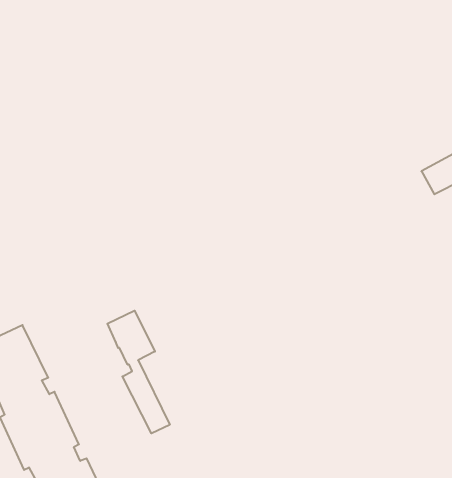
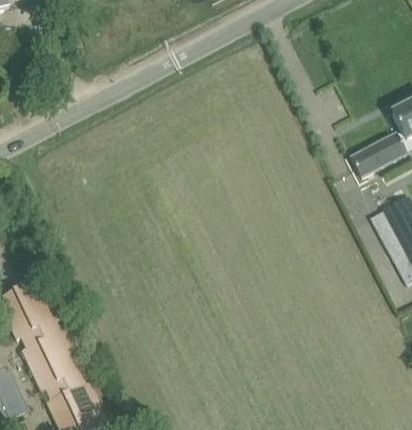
building: [107,311,170,433] -> none

